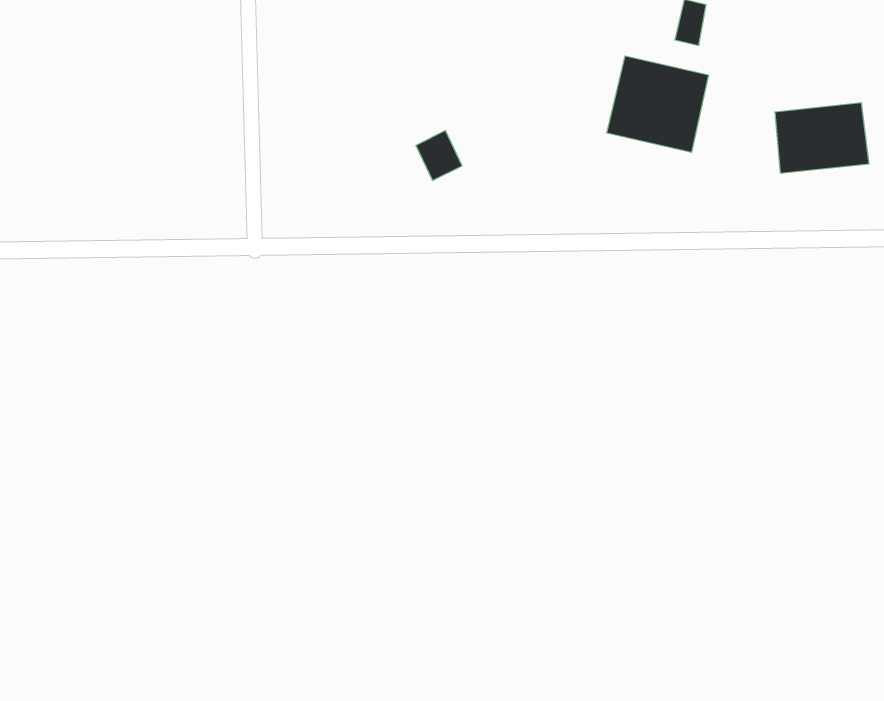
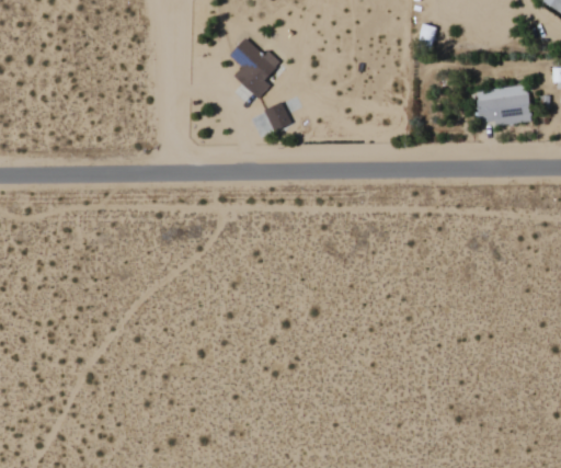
building: none -> [229,36,278,99]
building: [607,56,708,152] -> none

